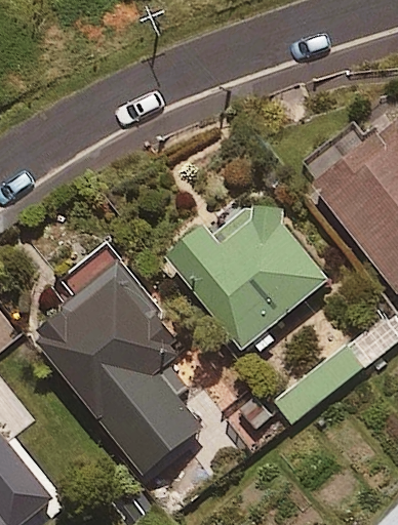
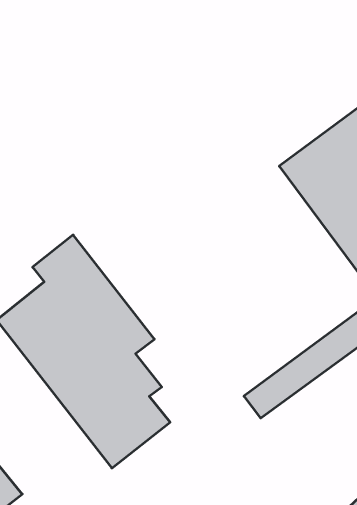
building: [163,192,328,358] -> none

